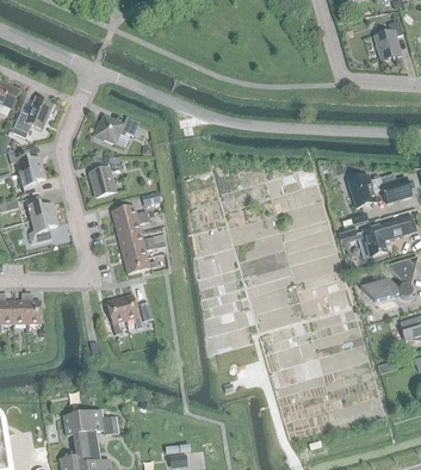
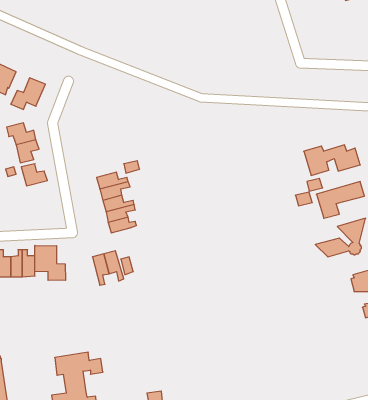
building: [374,19,403,58] -> none
building: [93,113,142,142] -> none
building: [89,155,122,194] -> none
building: [29,212,57,241] -> none
building: none -> [35,245,66,280]

